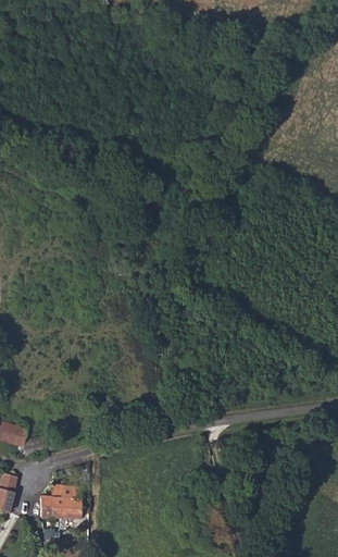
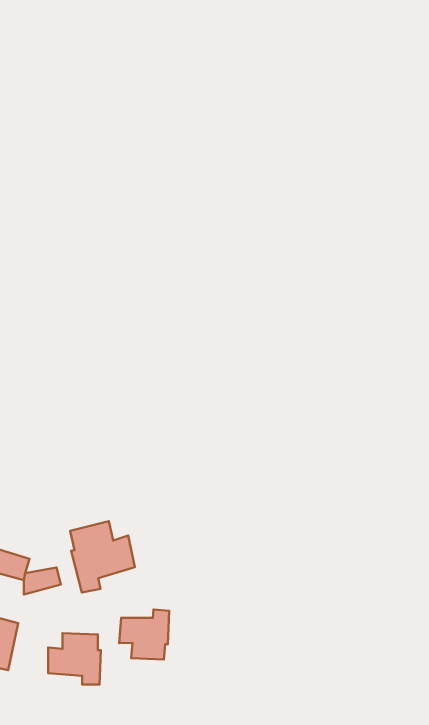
building: none -> [70,521,135,592]
building: none -> [119,609,169,659]

